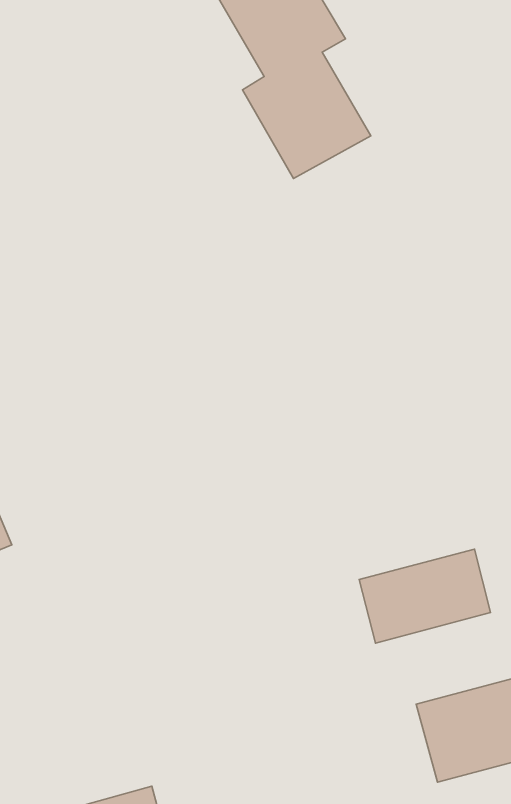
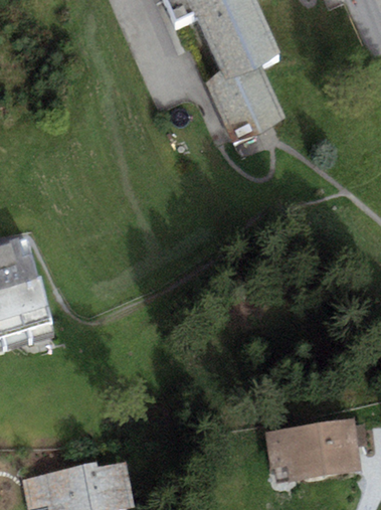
building: [359,549,491,643] -> none

